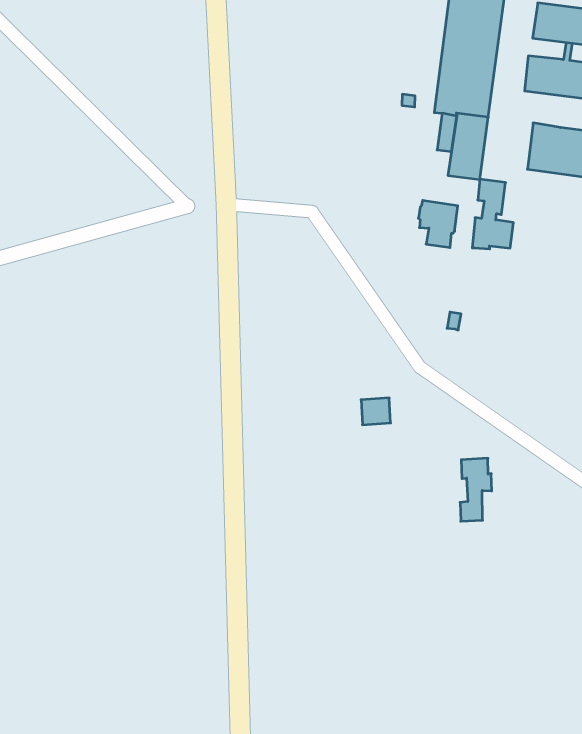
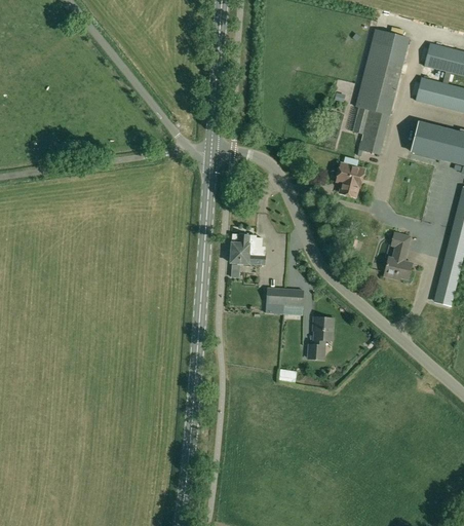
building: [472,179,513,249] -> [384,232,413,279]
building: none -> [230,234,265,265]
building: none -> [266,287,285,313]
building: [460,458,492,521] -> [309,317,333,359]

